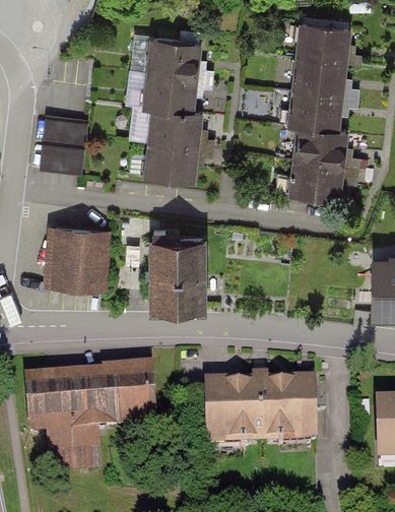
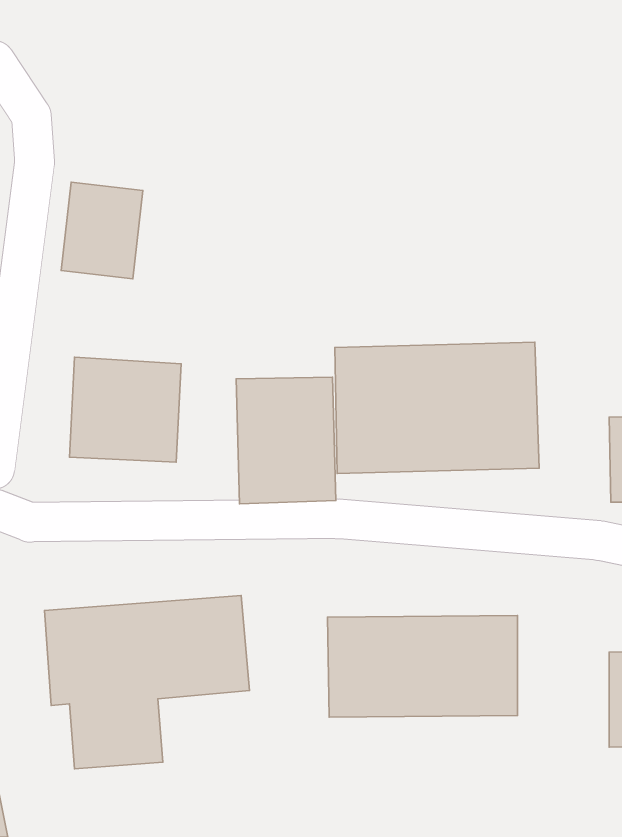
building: [286,16,352,195] -> none
building: [141,34,204,175] -> none
building: none -> [335,342,539,474]

